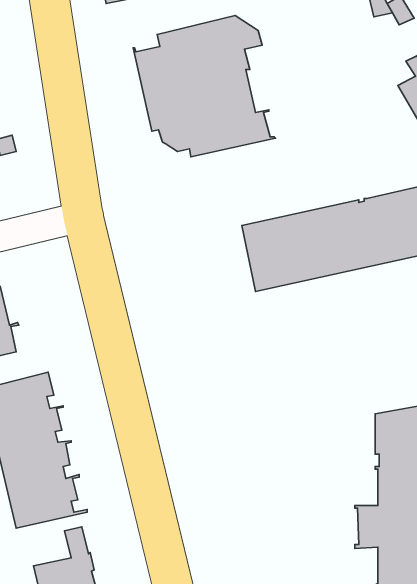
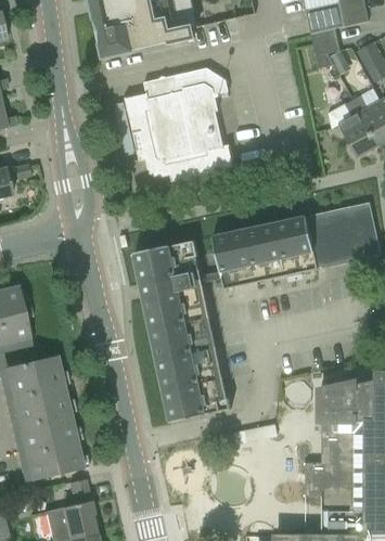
building: none -> [134,241,231,422]

